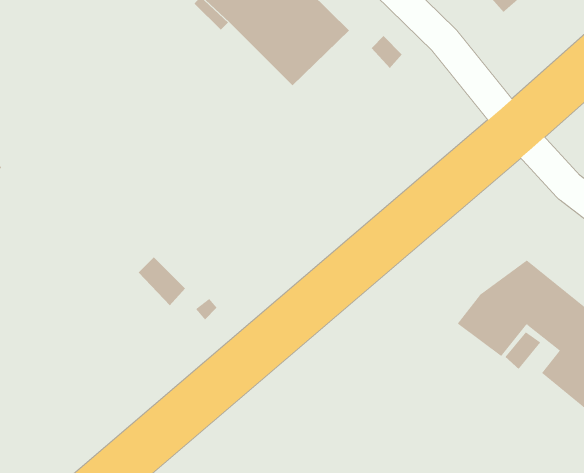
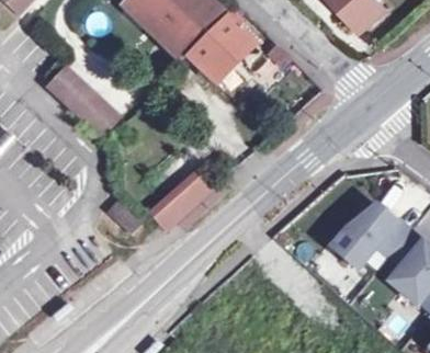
building: none -> [46,66,120,137]
building: none -> [148,171,212,232]

